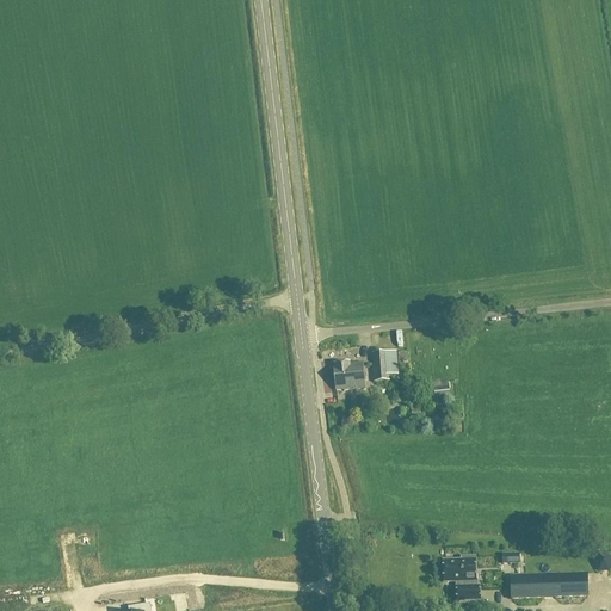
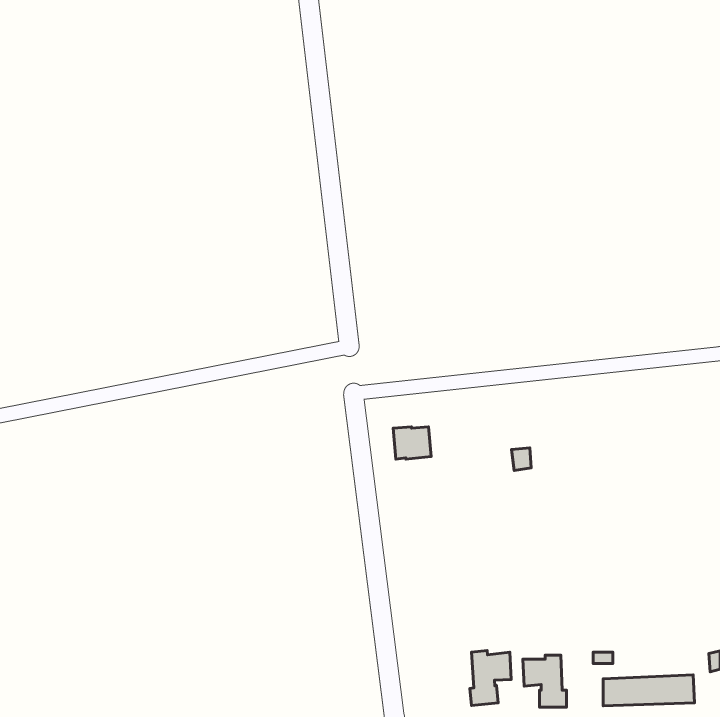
building: [372,350,397,381] -> none
building: none -> [470,650,511,706]

